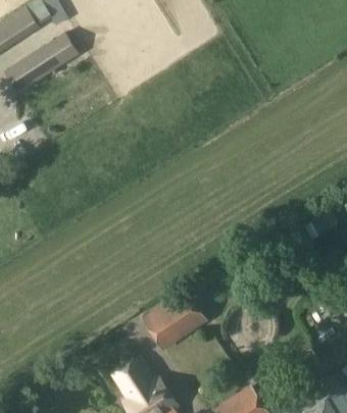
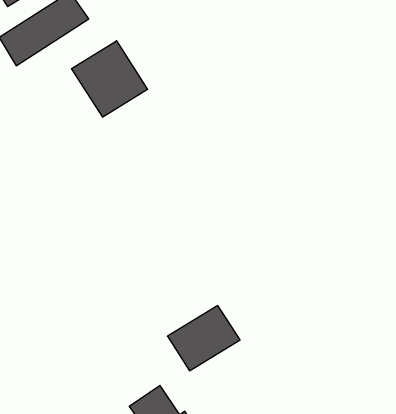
building: none -> [72,41,148,117]

